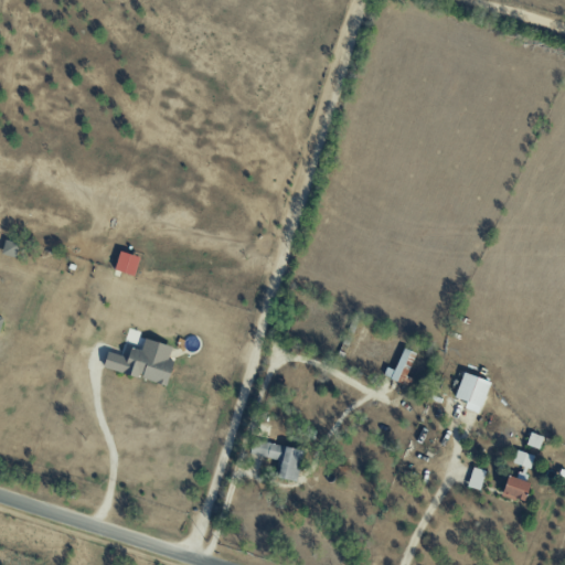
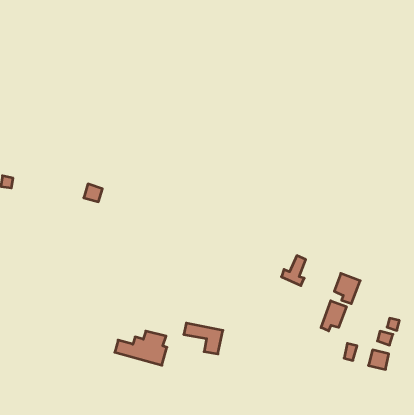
building: [104,338,174,384] -> [115,331,167,365]
building: none -> [321,301,346,331]

